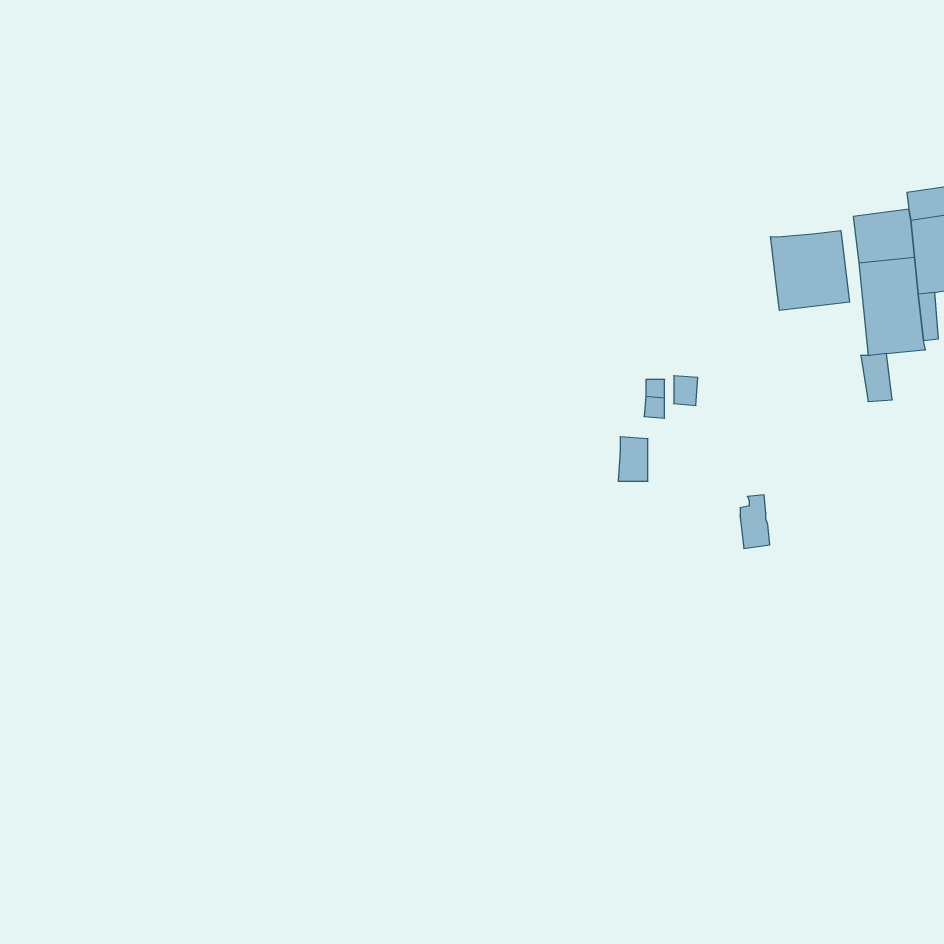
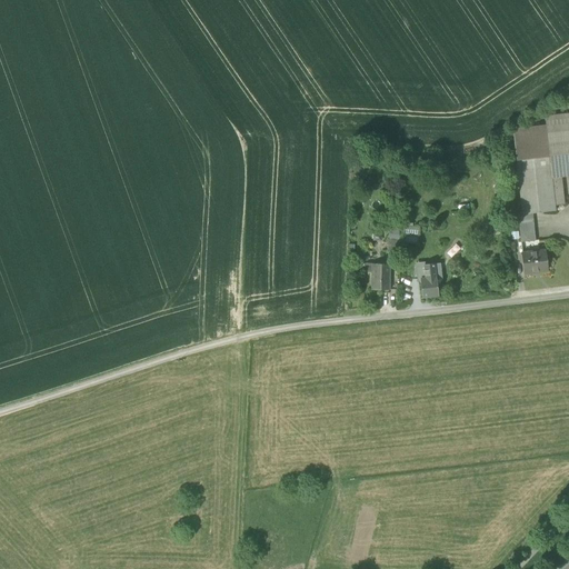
building: [770,231,849,310] -> none
building: none -> [522,250,549,272]
building: [740,495,770,548] -> [421,264,439,297]

